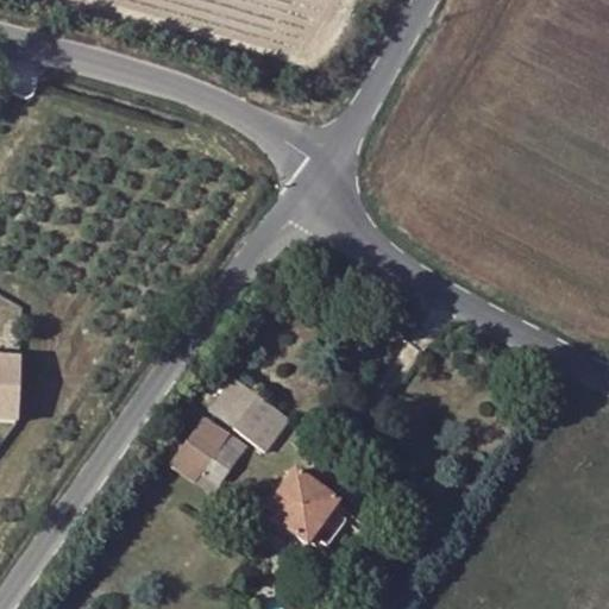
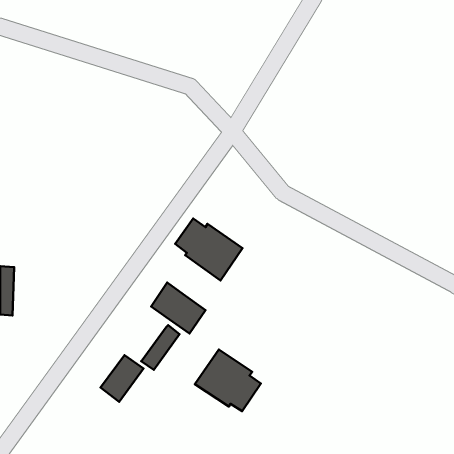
building: none -> [175,219,243,281]
building: [168,417,225,479] -> [100,355,143,402]

